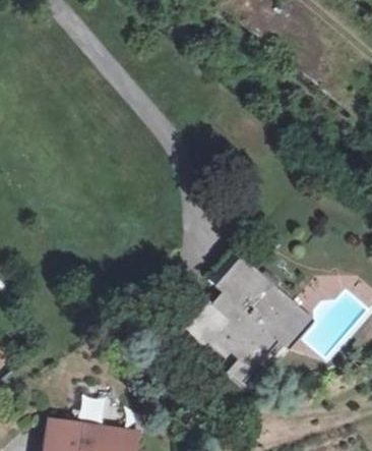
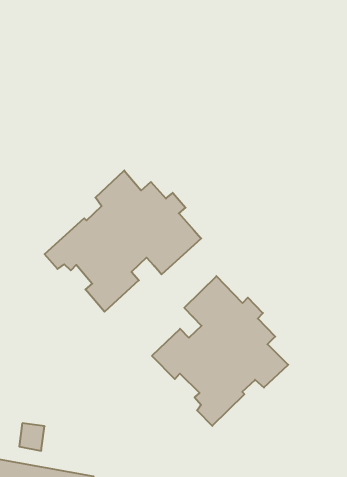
building: none -> [45,170,201,312]

